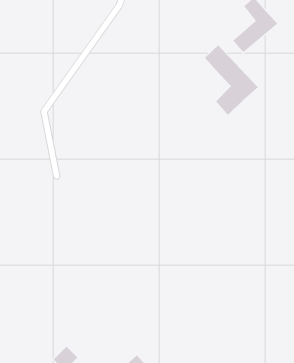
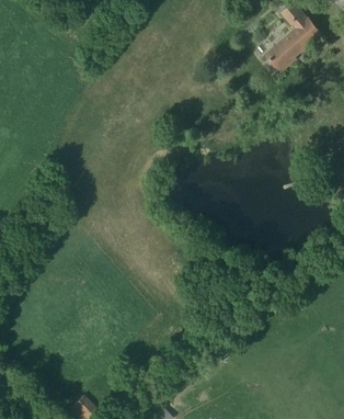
building: [204,45,259,116] -> none

